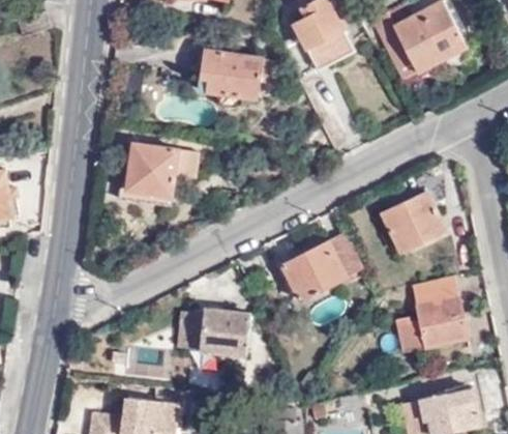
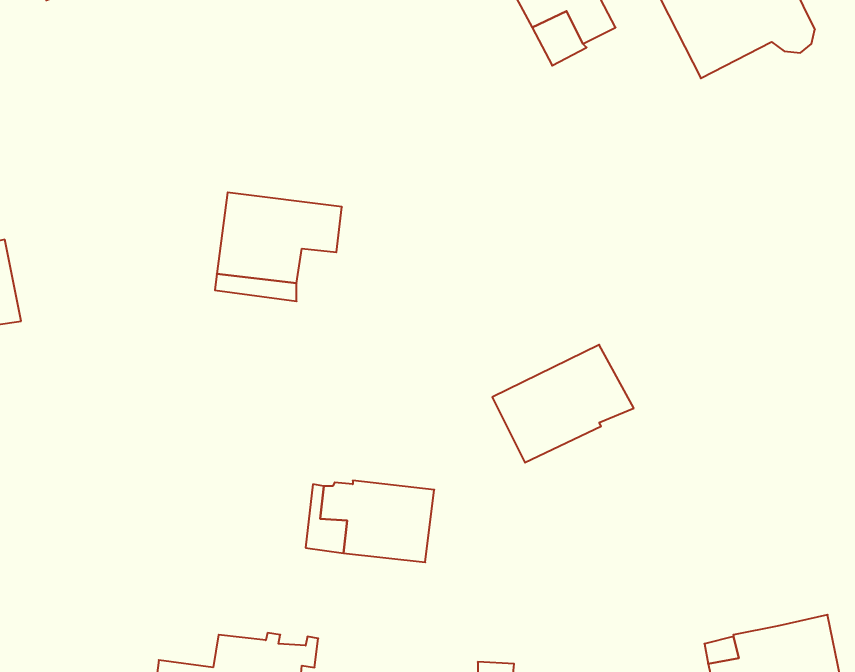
building: [203,50,265,99] -> none
building: [384,191,446,250] -> none
building: [397,274,468,348] -> none

